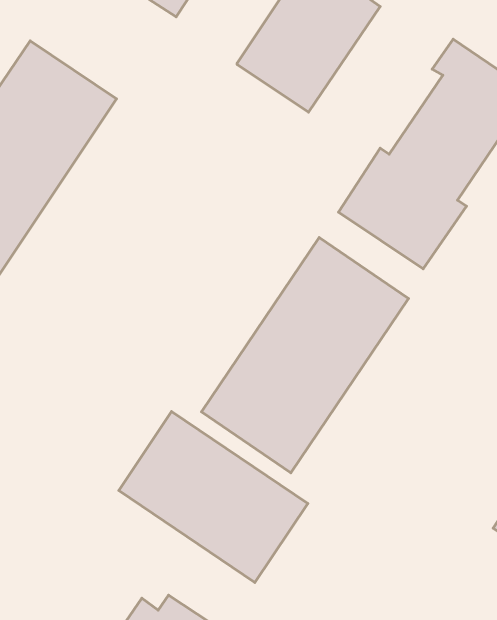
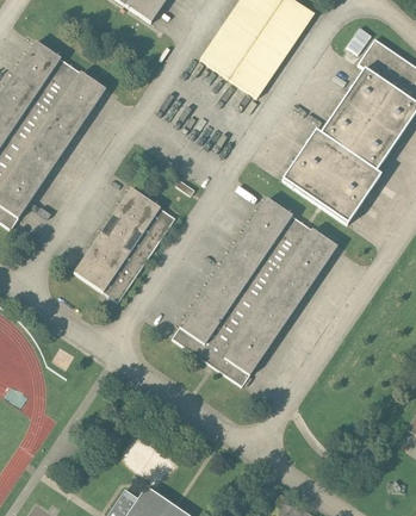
building: none -> [73,187,173,300]
building: [119,412,308,583] -> none

